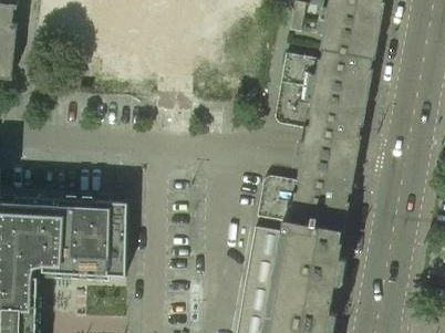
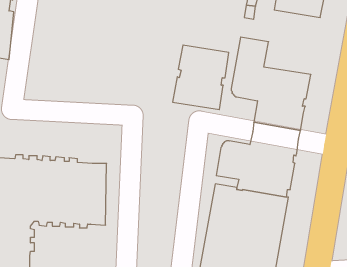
building: [313,21,380,97] -> [173,45,229,110]

